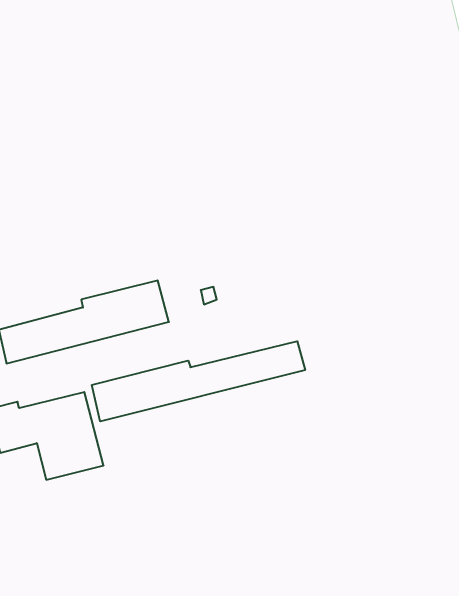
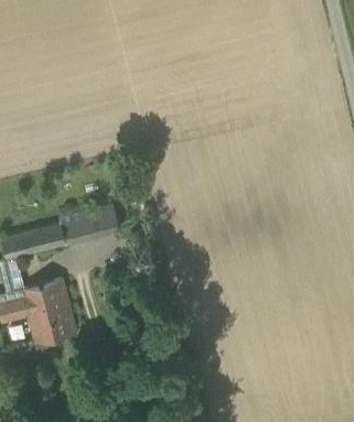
building: [92,341,305,421] -> none

